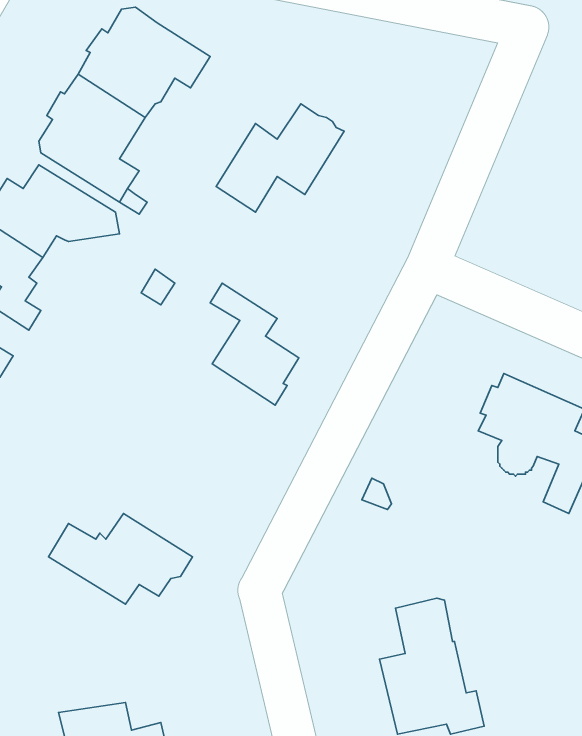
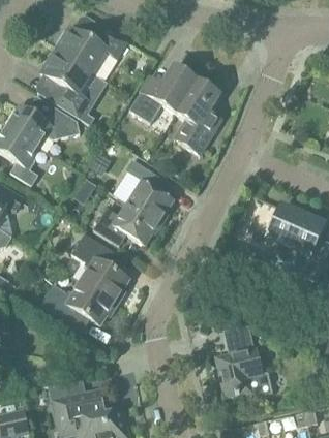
building: none -> [173,80,219,153]
building: none -> [93,201,159,245]
building: none -> [71,234,127,303]

